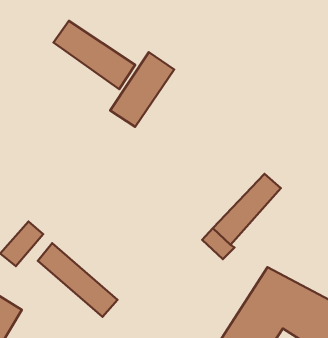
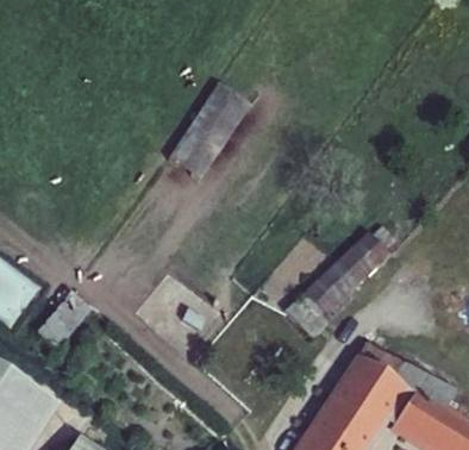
building: [53,21,135,89] -> none
building: [38,243,118,317] -> none

